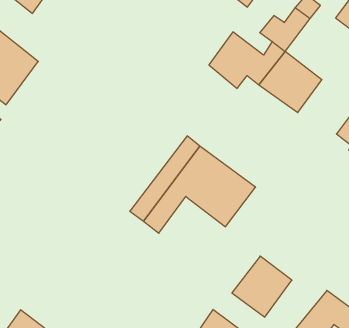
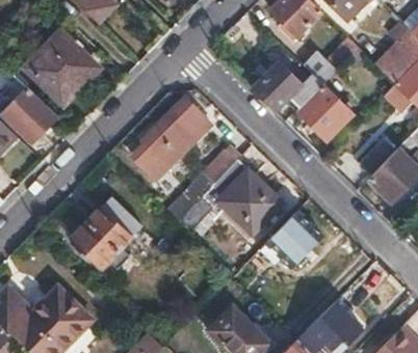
building: none -> [132,101,210,182]
building: none -> [70,196,141,269]
building: [232,256,292,317] -> [265,212,320,267]

